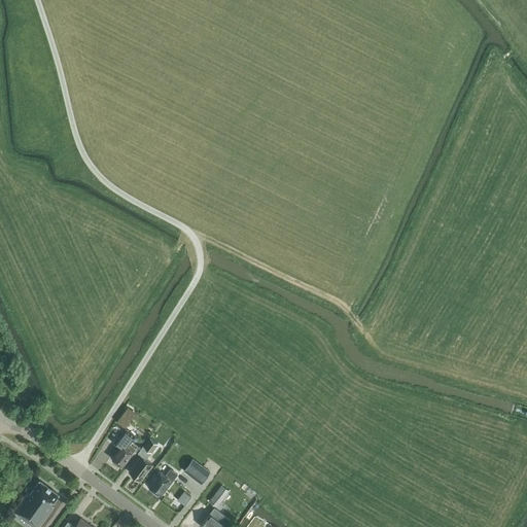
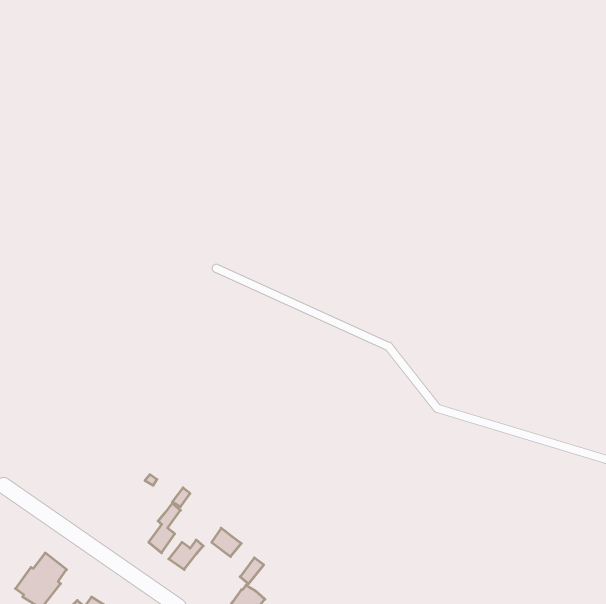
building: [111,430,135,467] -> none

